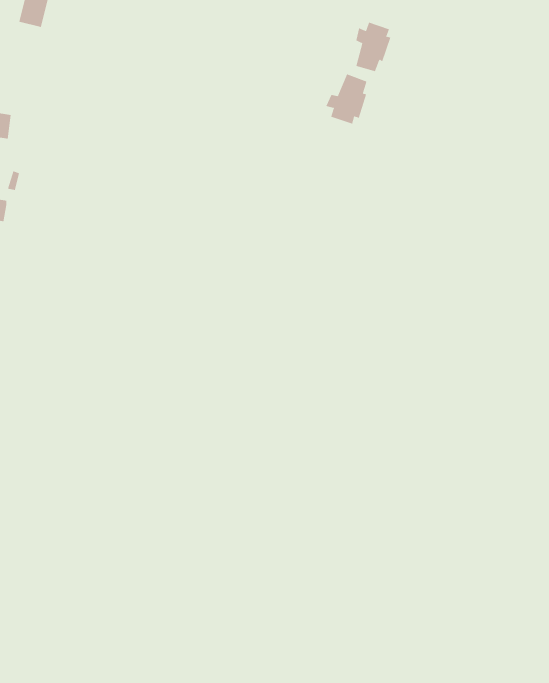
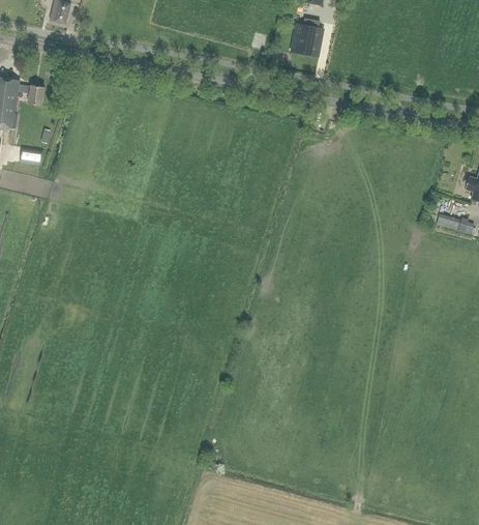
building: [326,74,367,125] -> none

